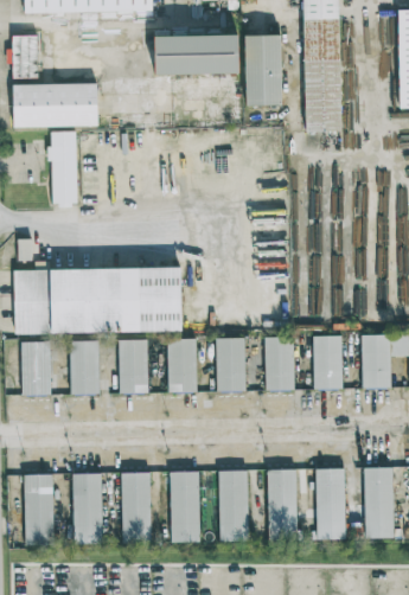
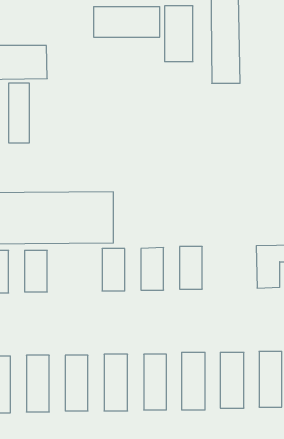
building: [313,335,341,389] -> none
building: [119,340,147,394] -> none

